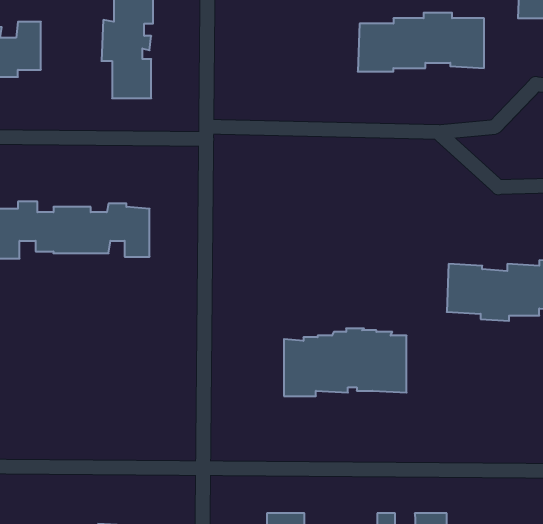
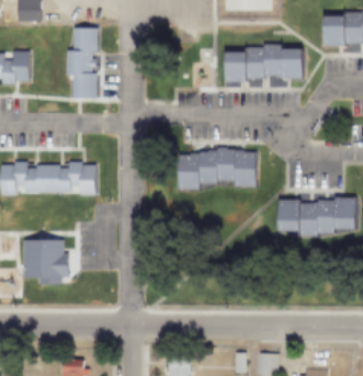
building: [284,328,407,396] -> [179,148,254,190]
building: none -> [23,240,69,284]

